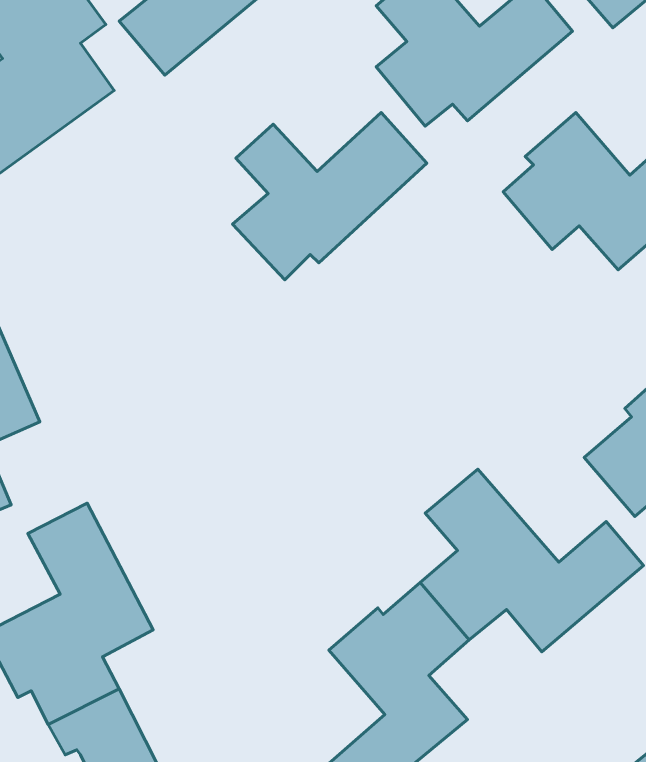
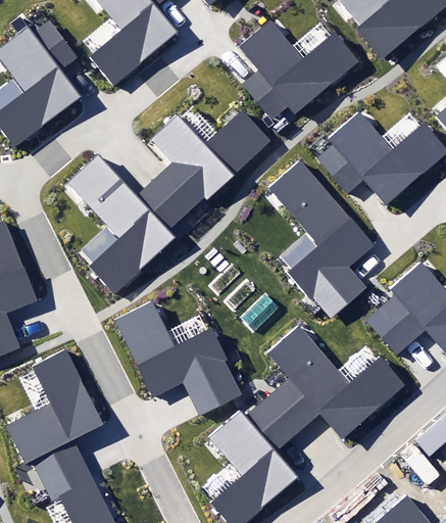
building: none -> [69,154,185,290]
building: none -> [268,158,373,315]
building: none -> [113,300,241,415]

